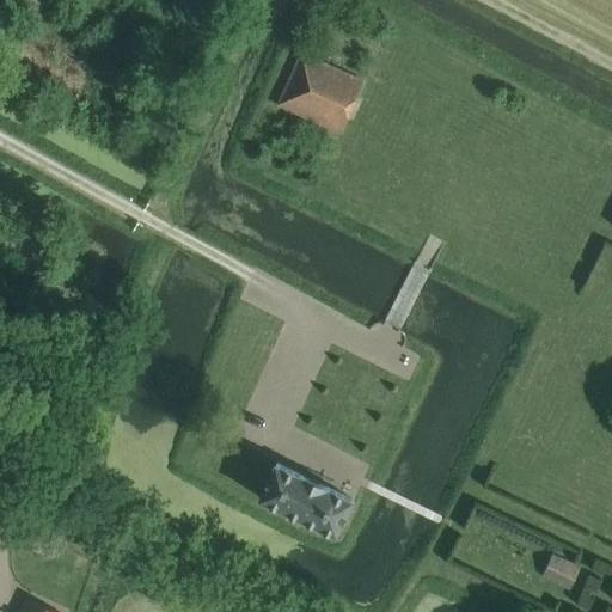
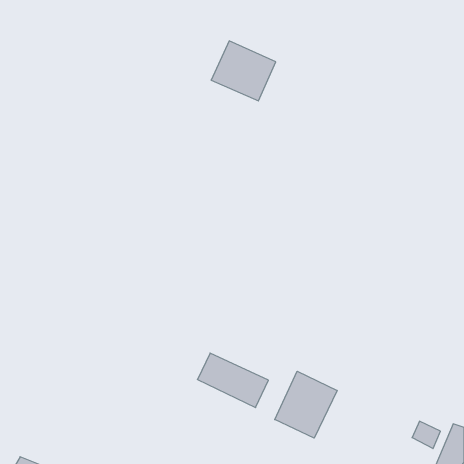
building: none -> [275,371,337,438]

